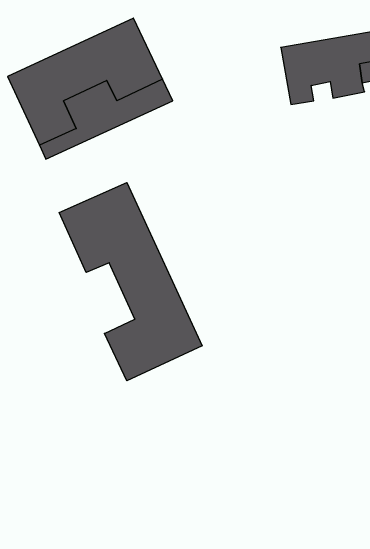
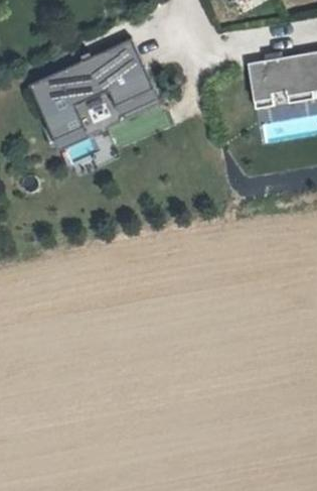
building: [59,183,202,381] -> none

